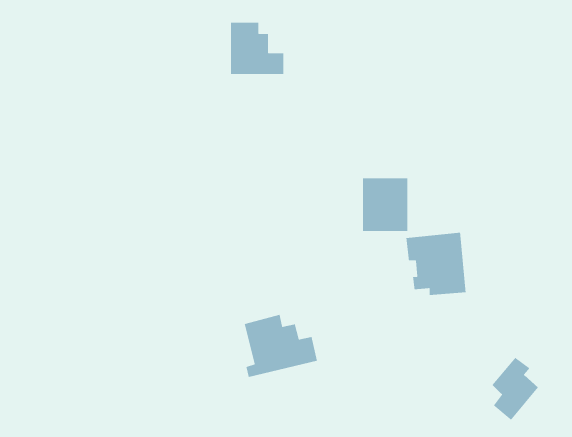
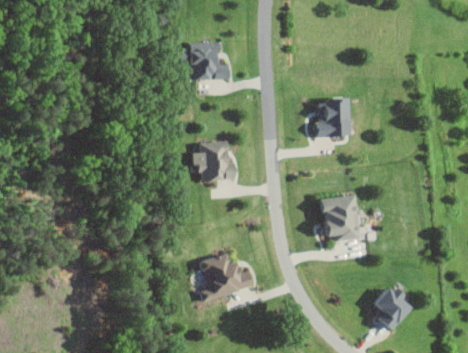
building: none -> [188,139,234,180]
building: [362,178,408,232] -> [317,98,350,137]

